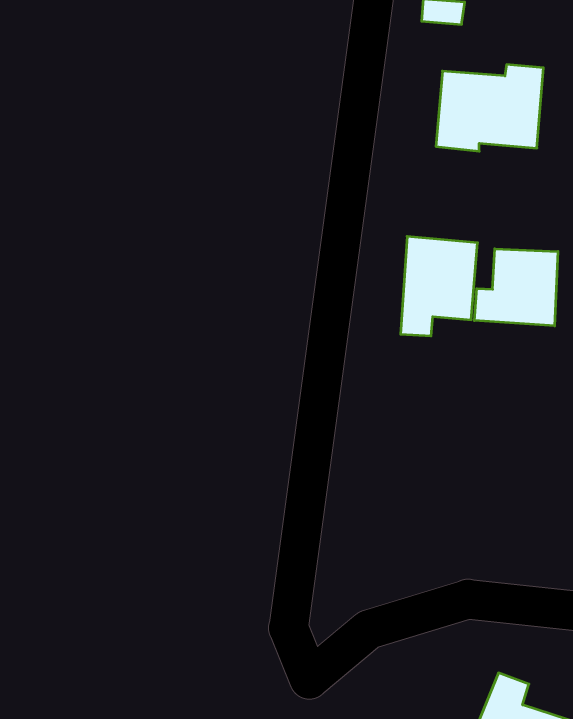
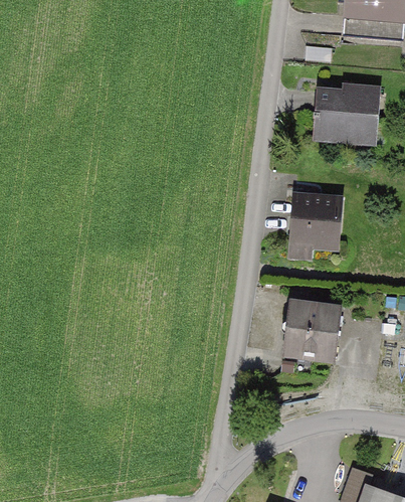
building: [474,249,558,326] -> none
building: none -> [279,304,340,366]

